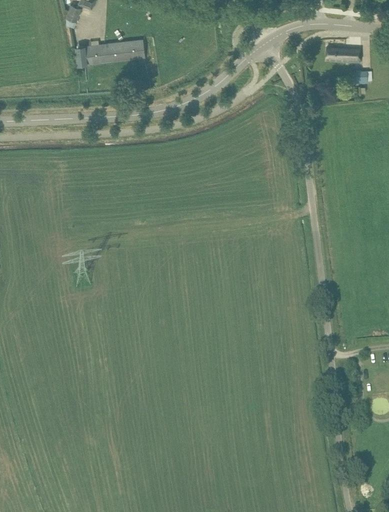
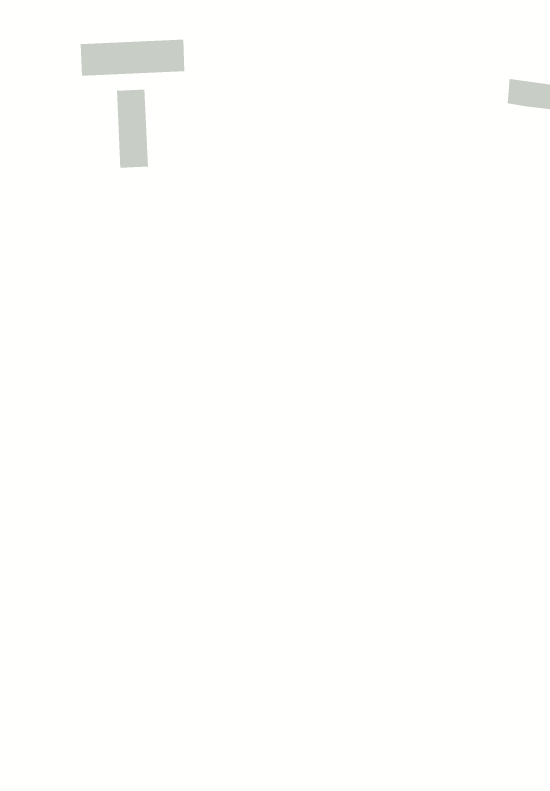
building: none -> [117,89,148,169]

